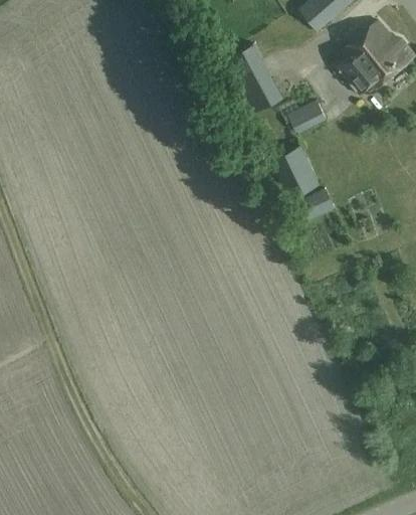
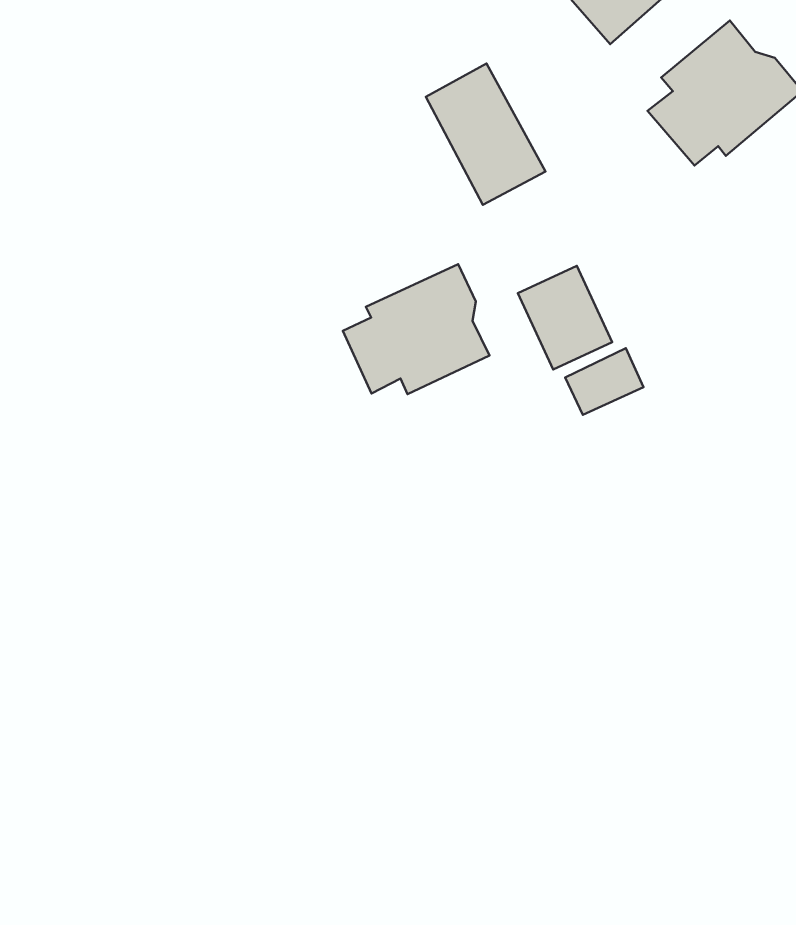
building: [287,100,326,133] -> none
building: none -> [343,264,489,394]

